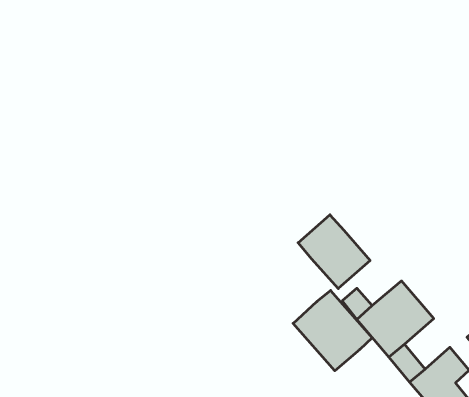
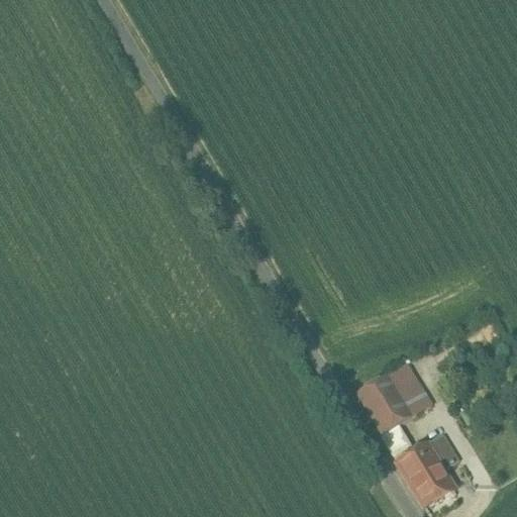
building: [298,215,370,289] -> none
building: [293,290,372,371] -> none

